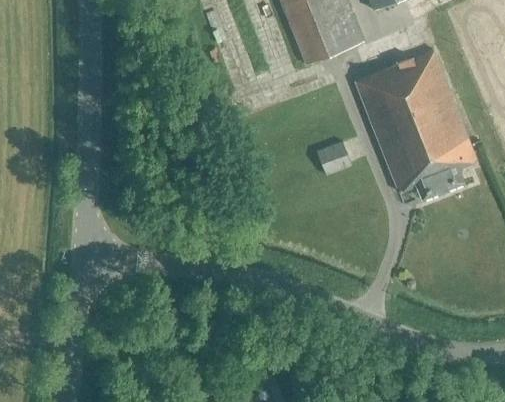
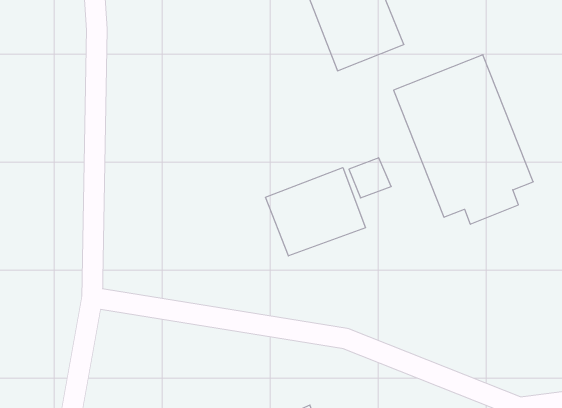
building: none -> [266,168,366,256]

